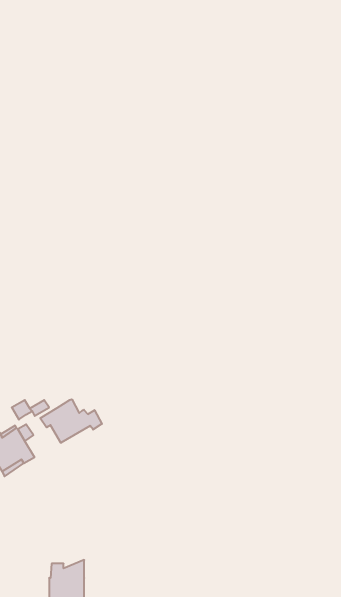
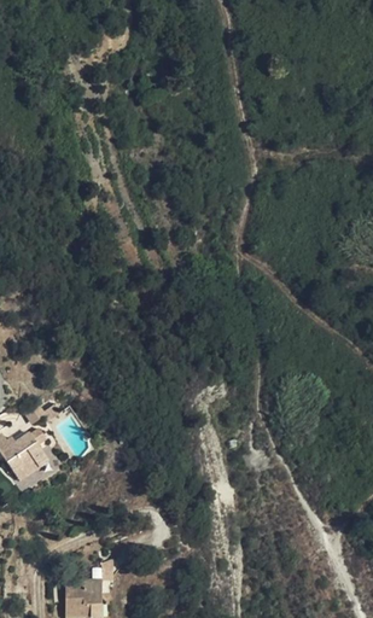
building: [40,399,102,443] -> none

